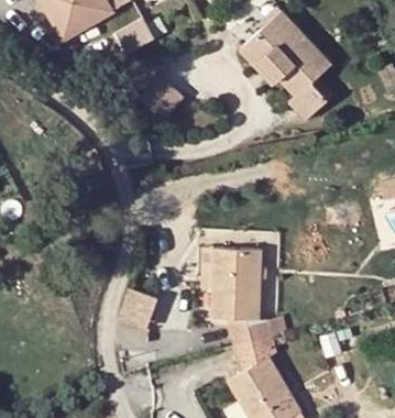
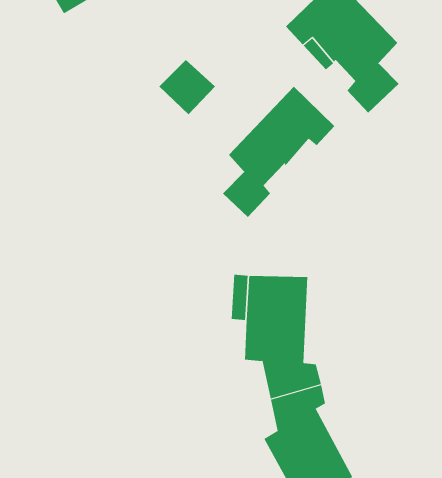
building: none -> [222,86,335,218]
building: [114,293,151,332] -> none

